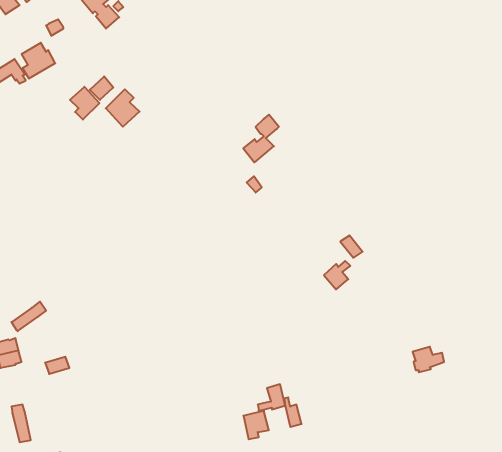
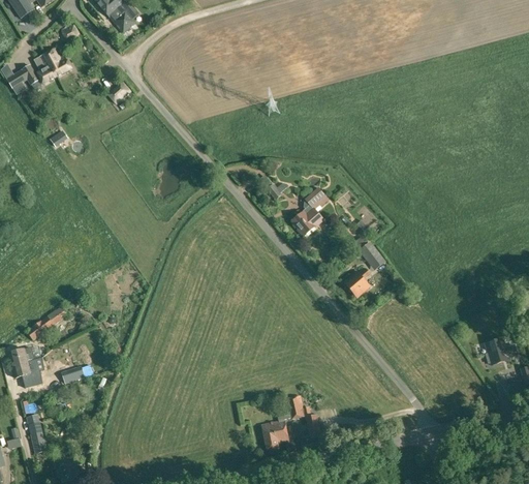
building: [70,87,99,120] -> none
building: [106,89,140,127] -> none
building: [243,115,279,162] -> [292,187,329,236]
building: [413,347,444,372] -> [485,339,517,365]

